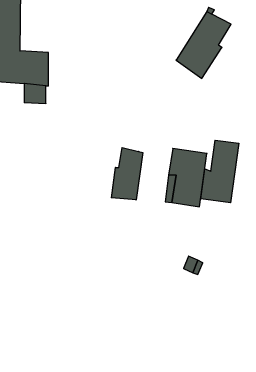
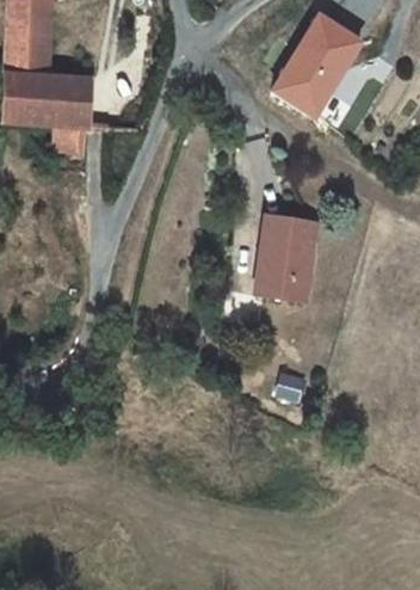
building: [201,140,239,203] -> none
building: [111,148,143,200] -> none

